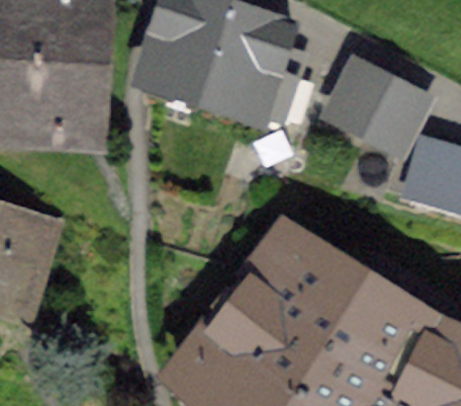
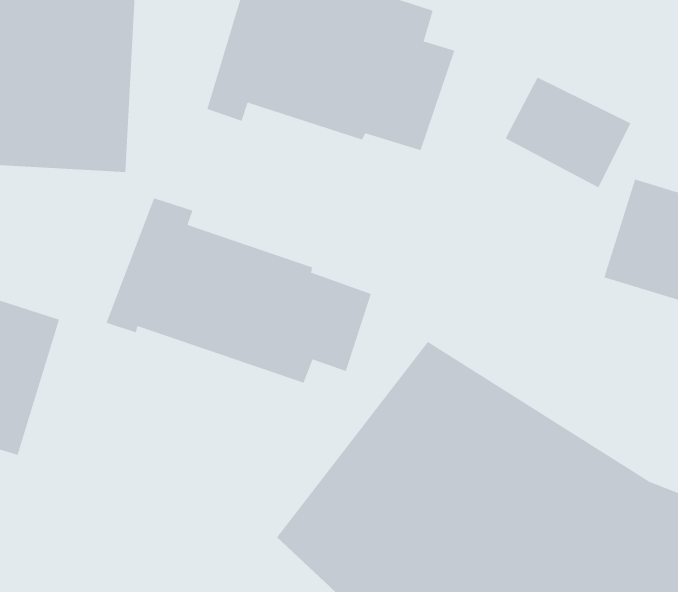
building: none -> [106,198,372,384]

